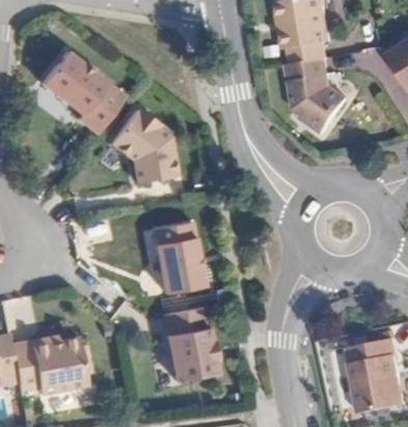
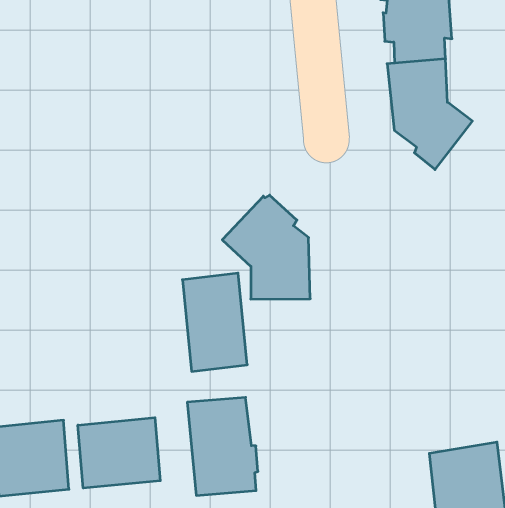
building: [42,50,126,134] -> none
building: [110,109,175,182] -> [222,195,310,299]
building: none -> [78,418,160,488]

